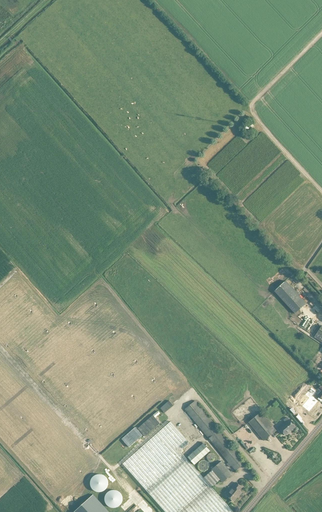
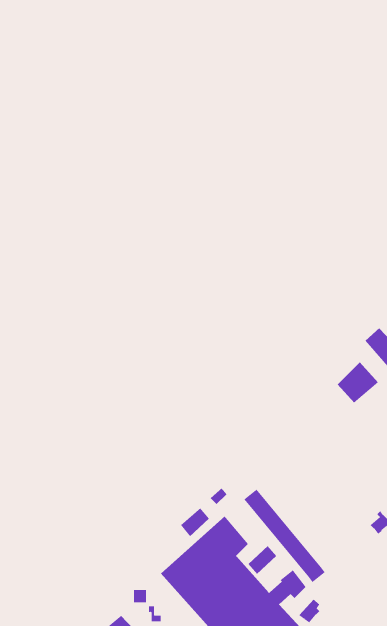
building: none -> [337,362,379,403]
building: [247,412,274,441] -> none

